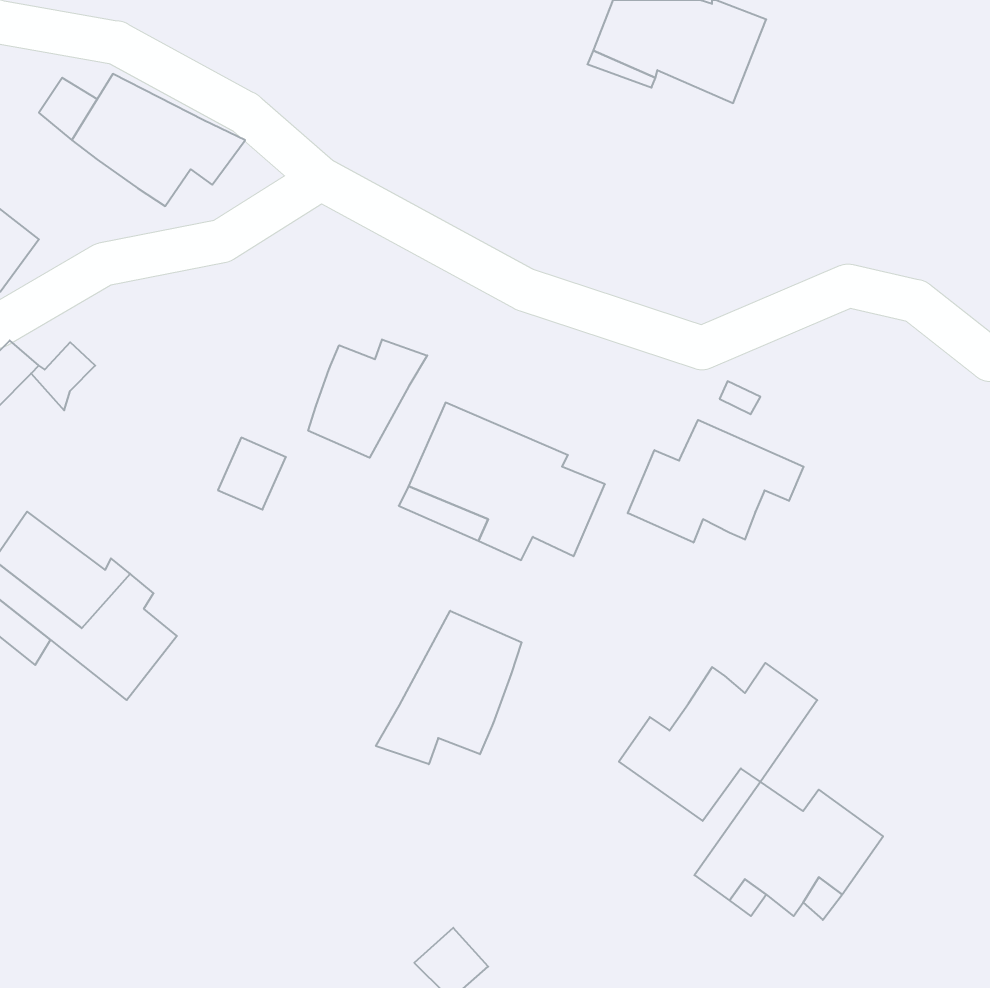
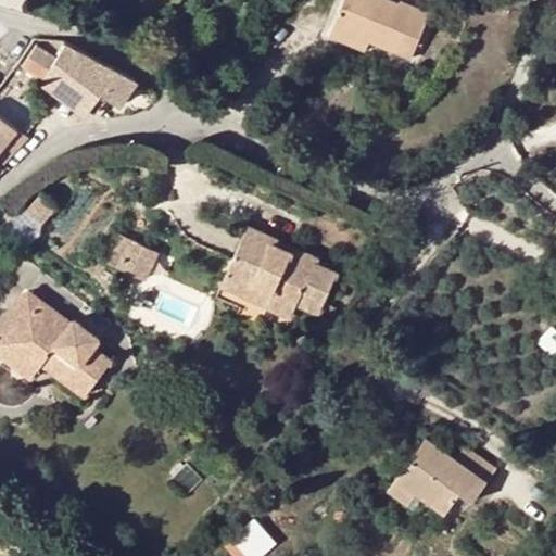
building: [308,339,427,458] -> none
building: [628,420,804,543] -> none
building: [376,611,522,764] -> none
building: [619,663,817,821] -> none

